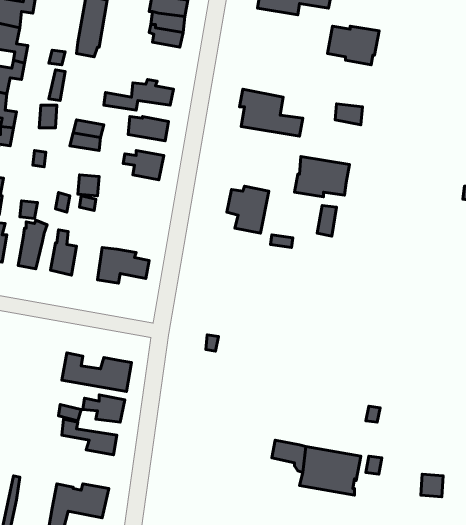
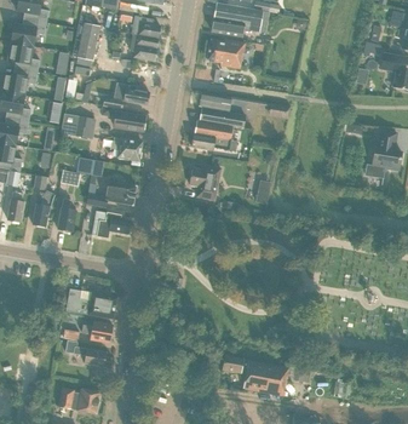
building: [328,26,379,65] -> [207,39,246,68]
building: [294,156,349,197] -> [191,120,232,150]
building: none -> [86,182,136,207]

